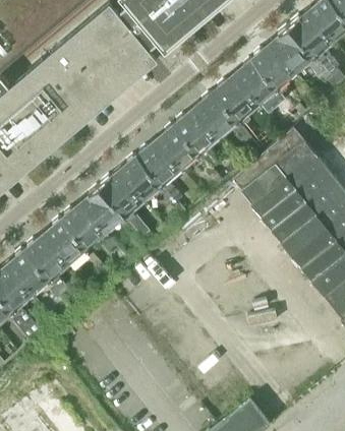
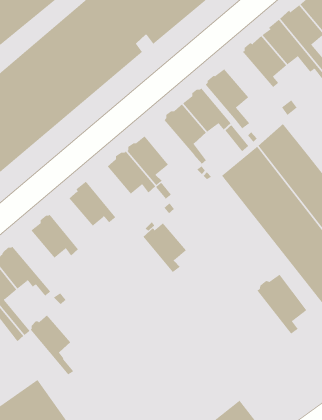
building: [235,59,283,103] -> none
building: [157,125,205,169] -> none
building: [99,171,142,221] -> [142,222,187,273]
building: [63,202,105,252] -> none
building: [26,234,70,294] -> [30,314,74,375]
building: none -> [256,274,307,335]

